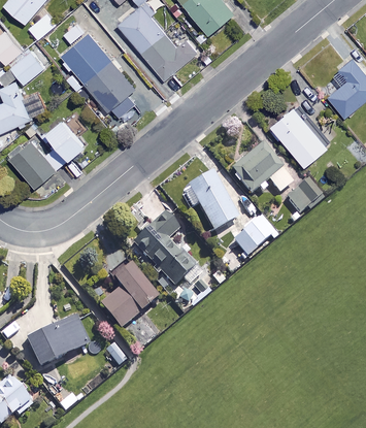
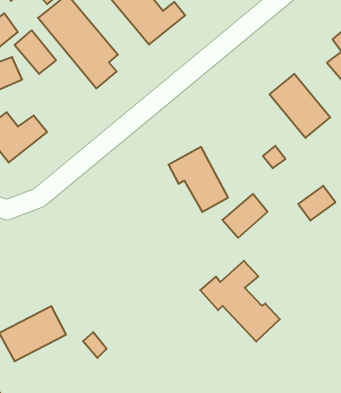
building: [49,118,88,158] -> [15,30,56,74]
building: [230,144,280,194] -> none
building: [286,180,320,212] -> [298,186,335,221]
building: [123,213,196,288] -> [200,261,280,342]
building: [99,261,157,329] -> none

